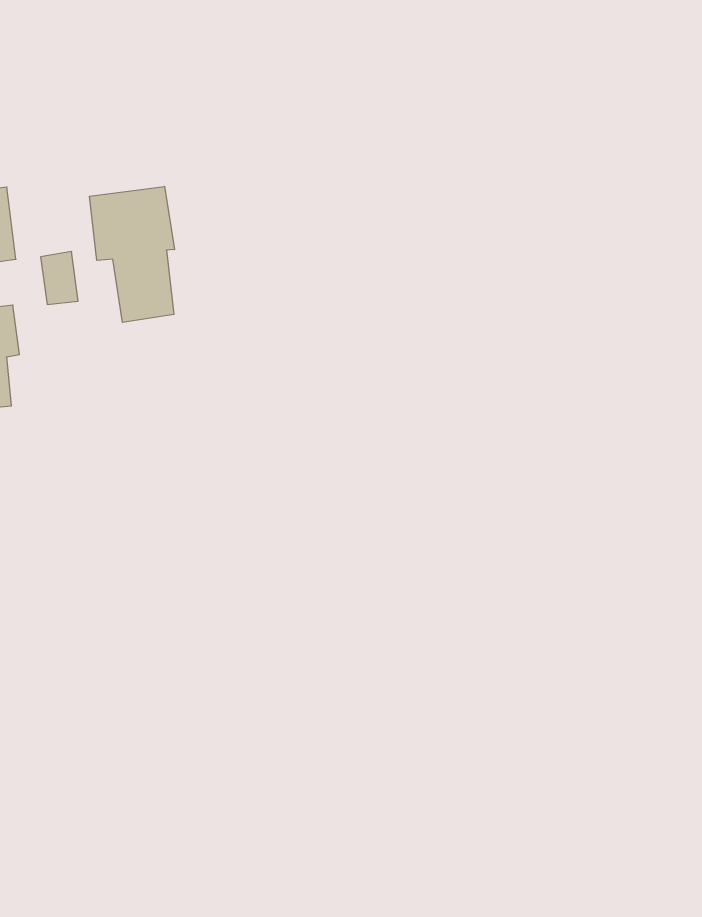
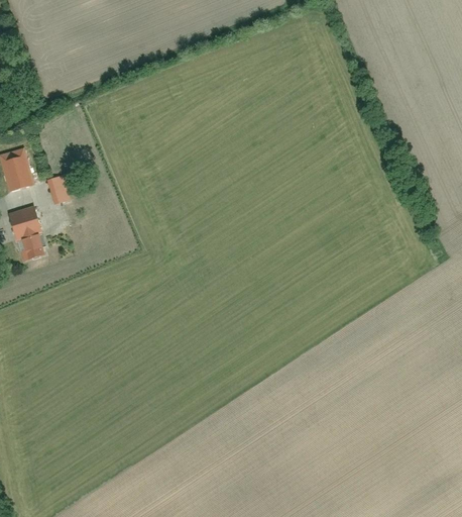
building: [89,186,174,322] -> none

